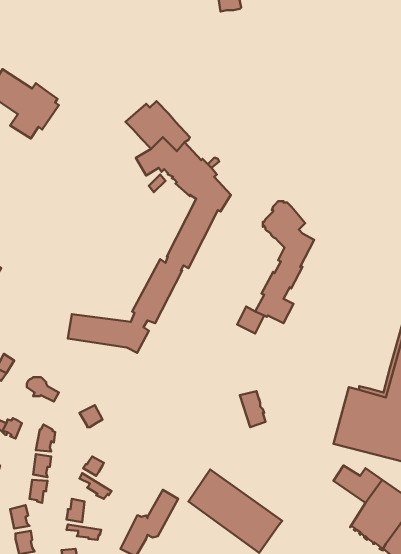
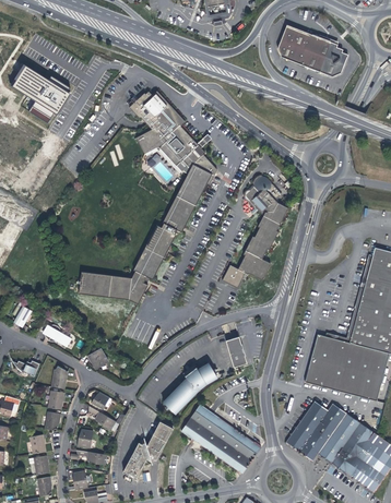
building: none -> [277,26,348,77]
building: none -> [164,363,217,411]
building: none -> [286,414,332,459]

